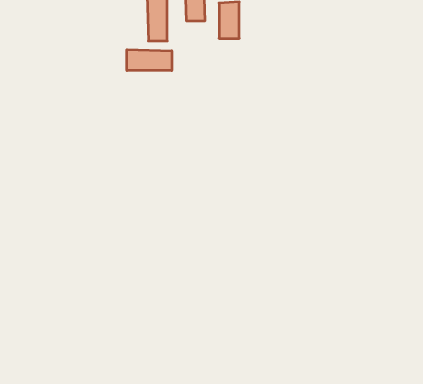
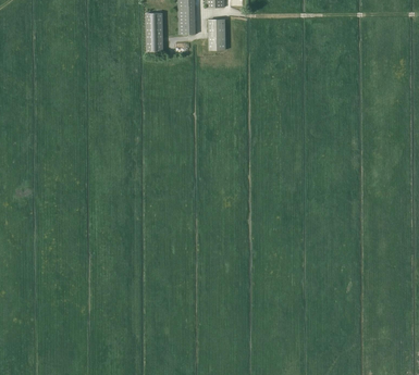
building: [127,50,172,71] -> none

